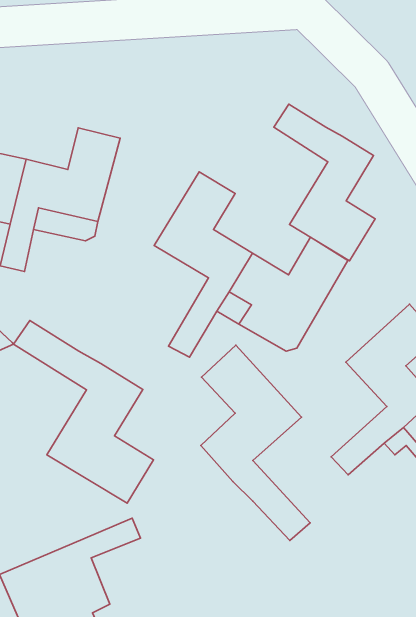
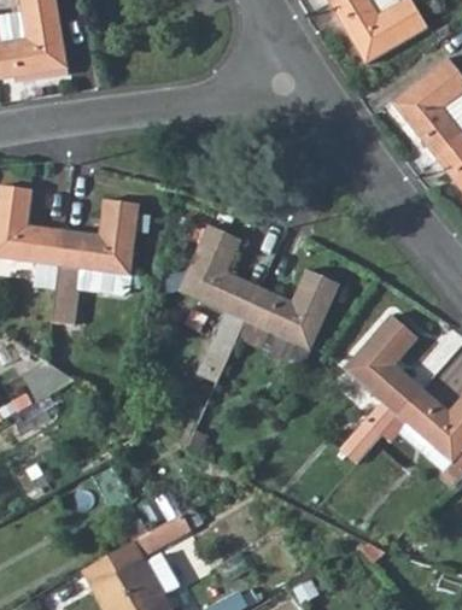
building: [274,104,375,261] -> none
building: [14,321,154,503] -> none
building: [201,345,310,541] -> none

